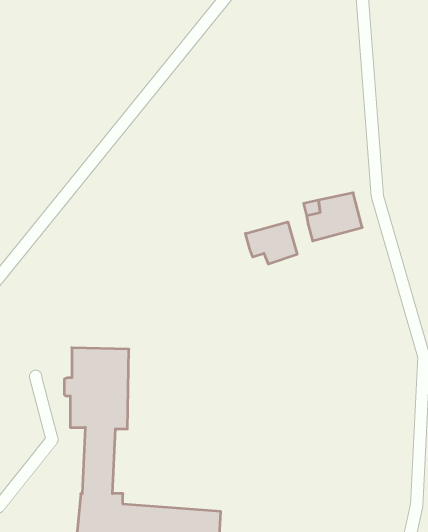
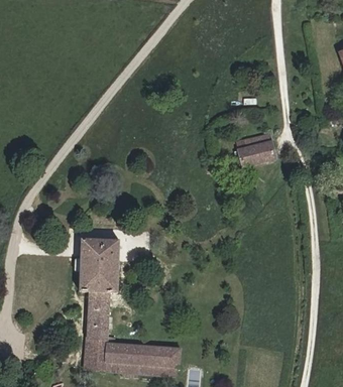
building: [245,222,297,264] -> none

